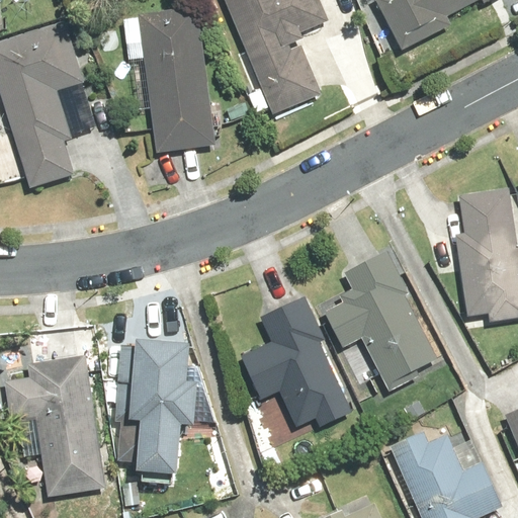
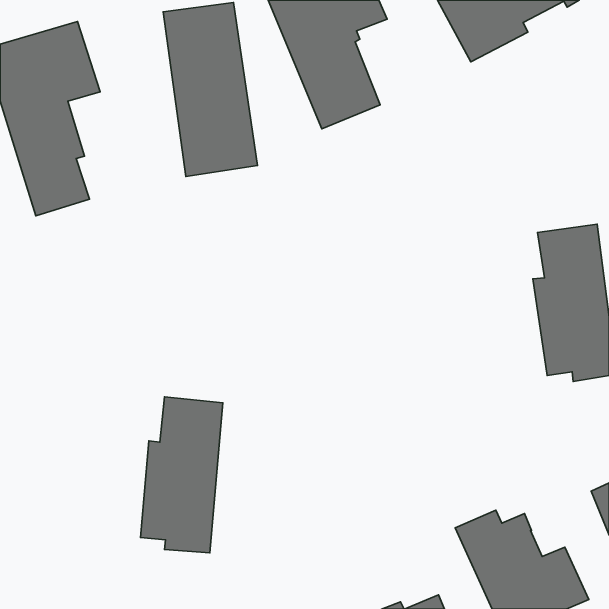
building: [320,254,435,394] -> none
building: [238,299,349,429] -> none
building: [5,351,106,492] -> none

